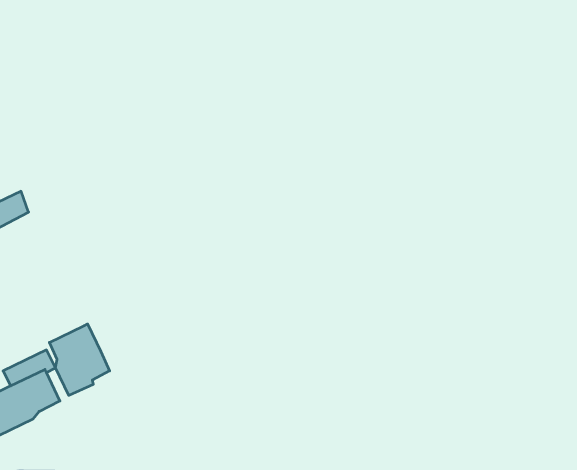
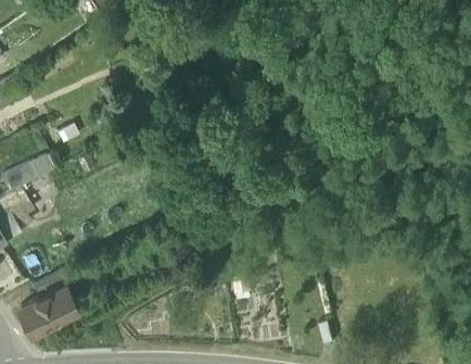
building: [49,324,110,395] -> none

